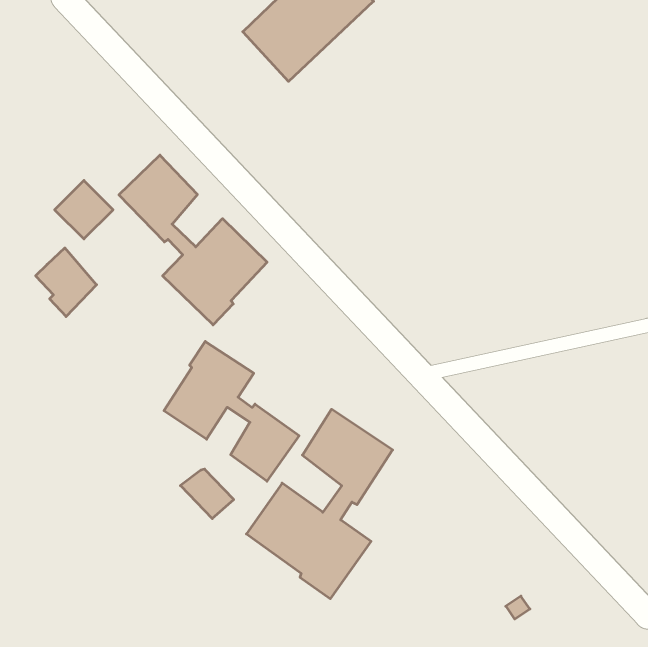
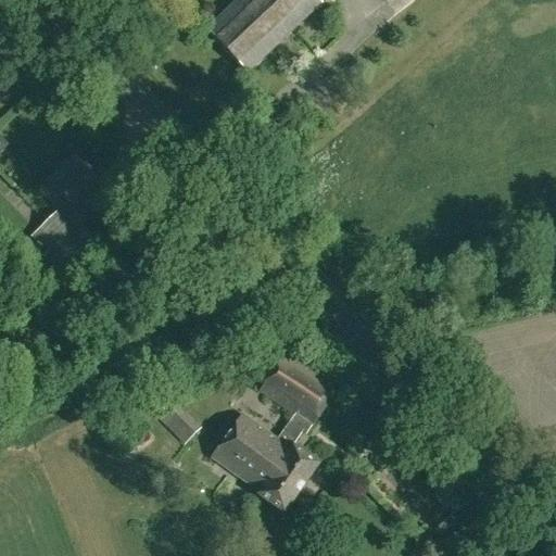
building: [119,155,267,325] -> none
building: [164,341,299,481] -> none

